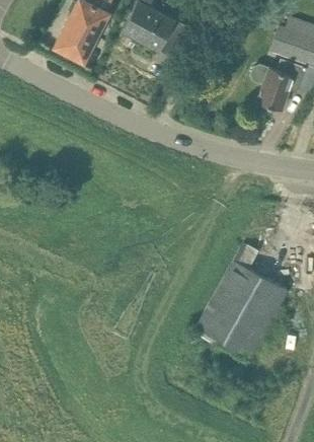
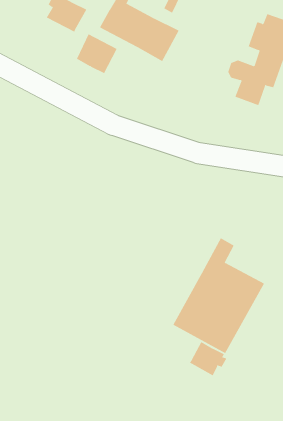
building: [55,21,96,62] -> [76,34,117,74]
building: none -> [189,341,227,376]

